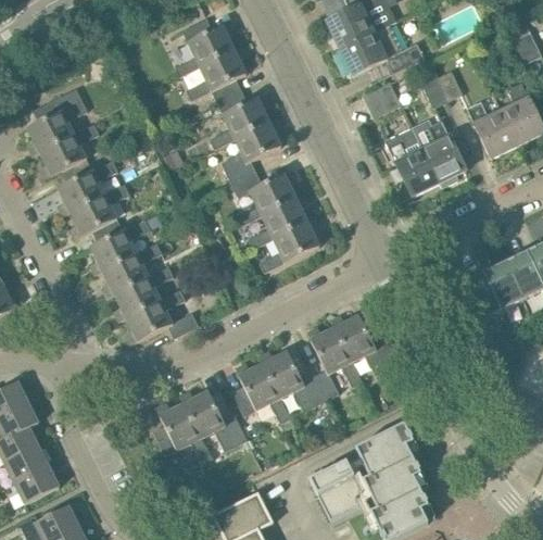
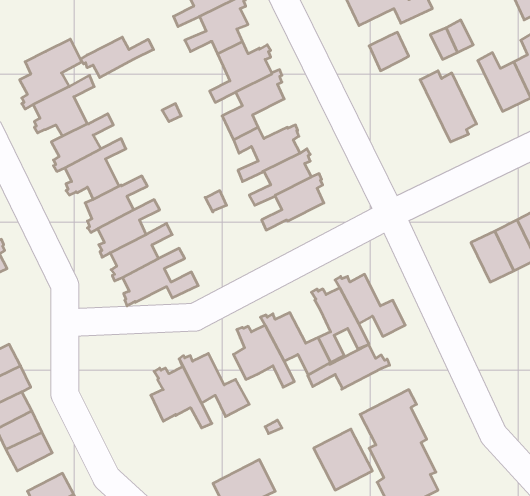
building: none -> [80,37,154,78]
building: [386,127,439,196] -> none
building: none -> [308,345,390,389]

